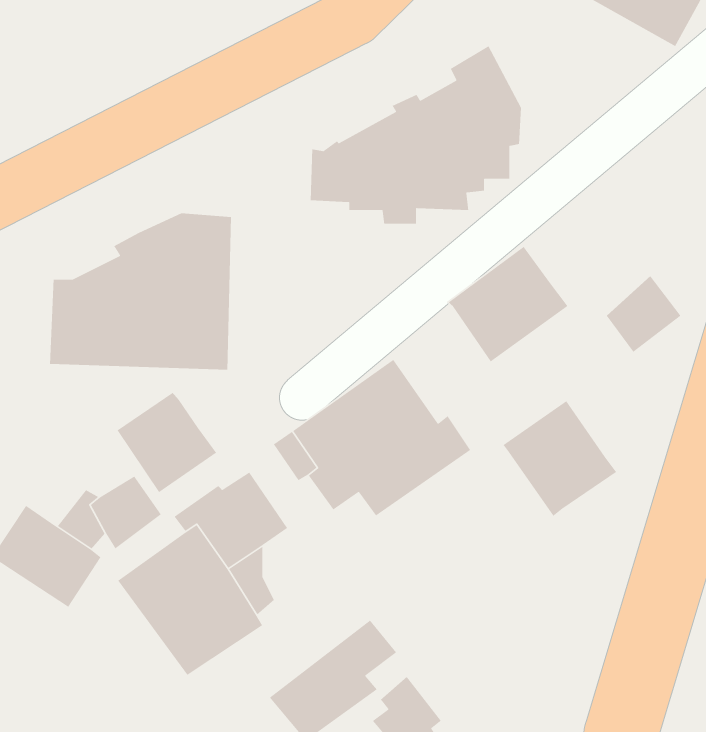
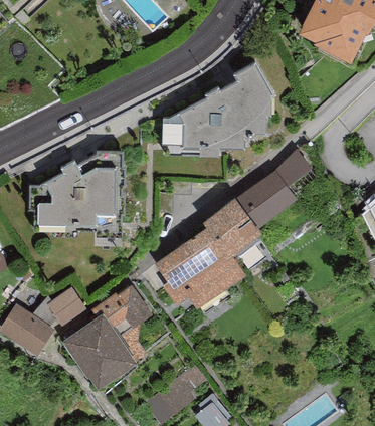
building: [606,275,682,353] -> [272,147,312,187]
building: [117,392,217,493] -> none
building: [502,400,617,517] -> [202,199,261,259]

